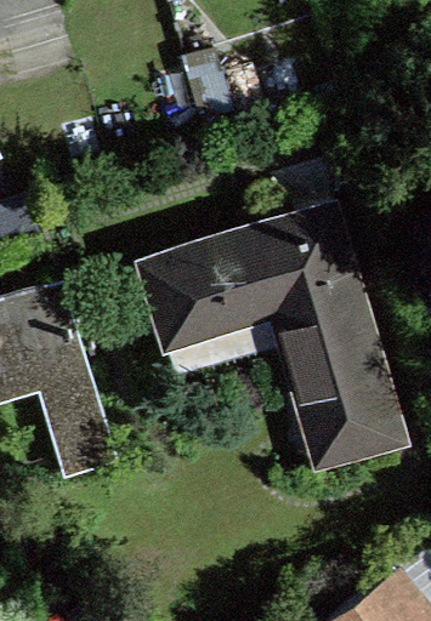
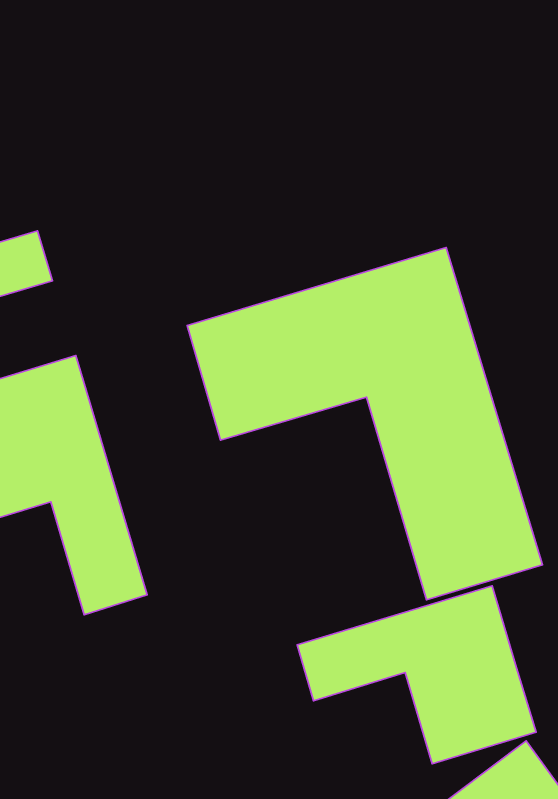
building: none -> [297,586,536,764]

